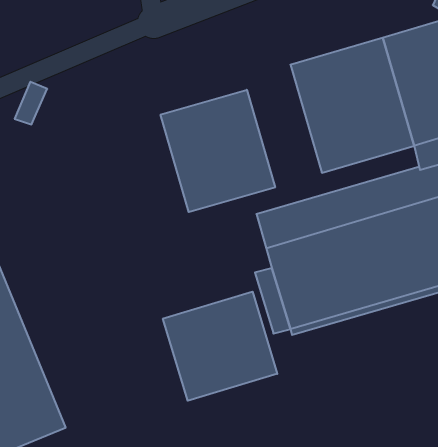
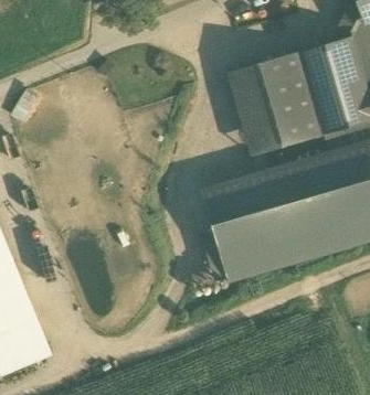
building: [161,90,275,212] -> none
building: [163,292,277,401] -> none

